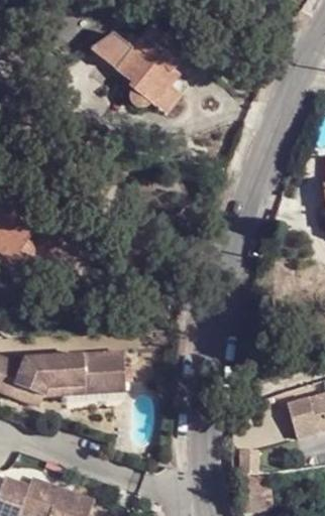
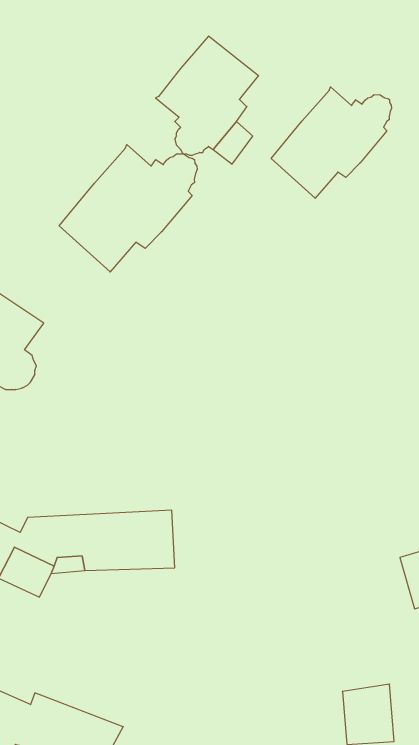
building: [88,31,131,69] -> none
building: none -> [271,87,392,198]
building: none -> [59,145,197,272]

